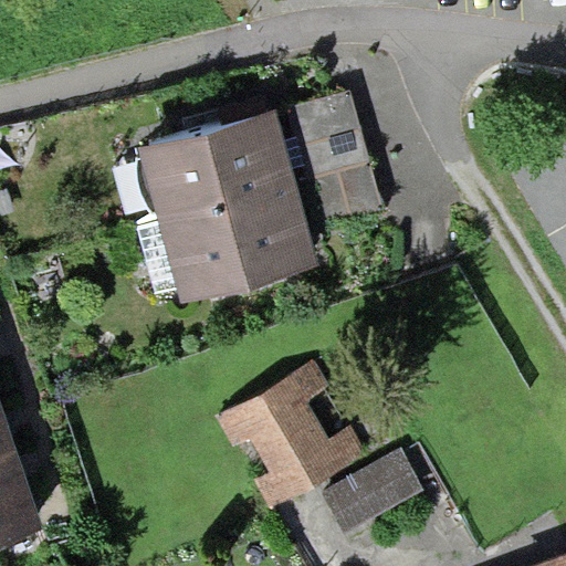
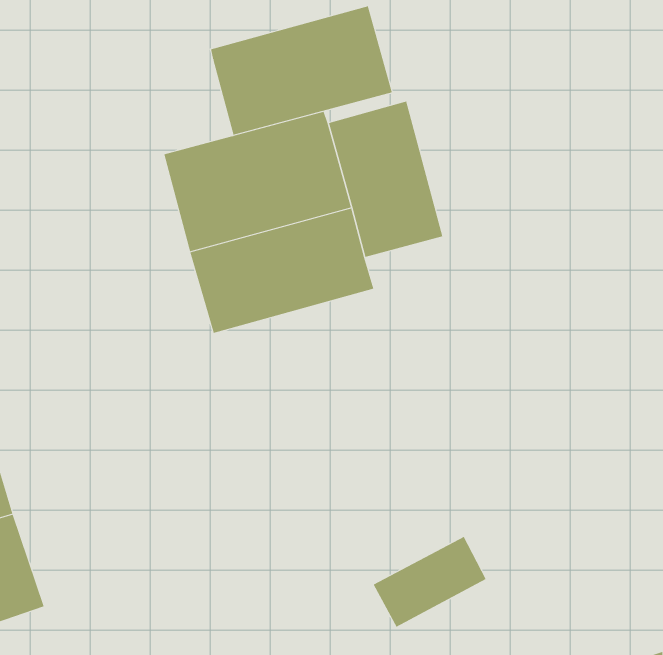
building: none -> [211,6,392,136]
building: [212,376,354,502] -> none

